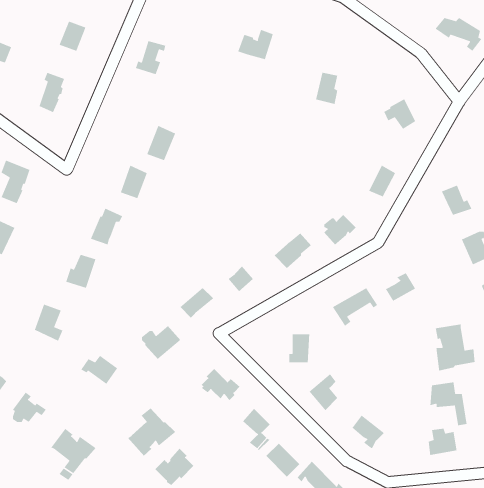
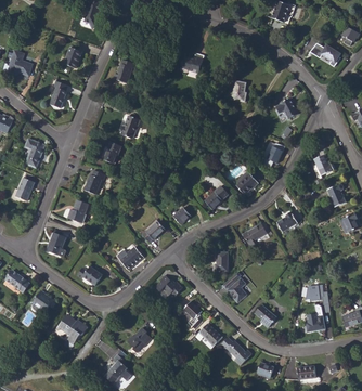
building: [435,324,476,372] -> none
building: [127,408,176,457] -> none

